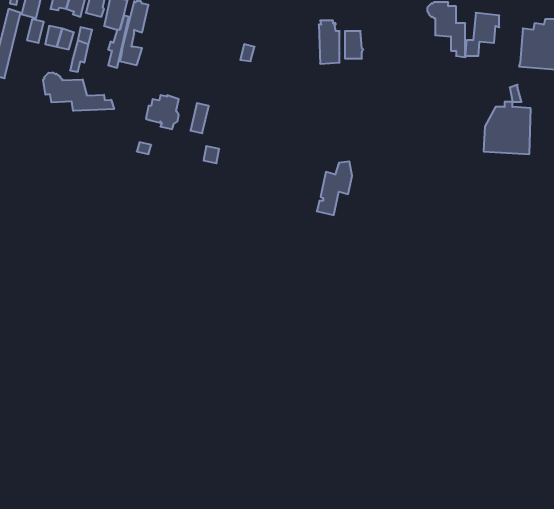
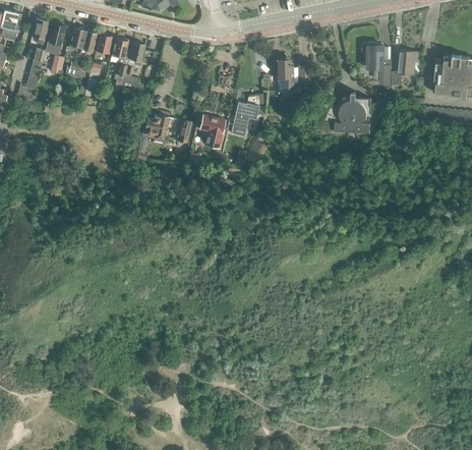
building: [43,73,114,111] -> none
building: none -> [199,116,227,160]
building: [484,102,531,154] -> [334,94,370,134]
building: [317,161,352,215] -> [231,95,258,136]

